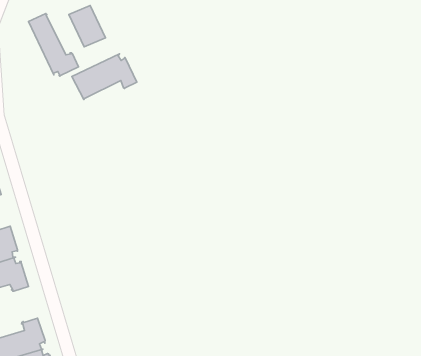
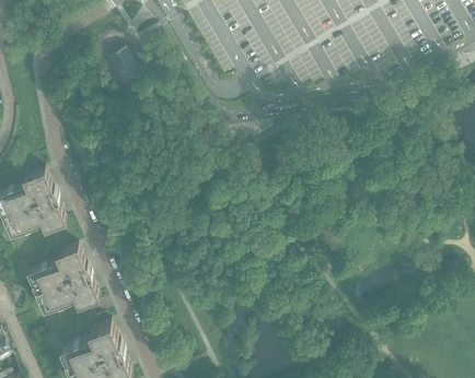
building: [28,14,79,76] -> none
building: [72,54,137,99] -> none

